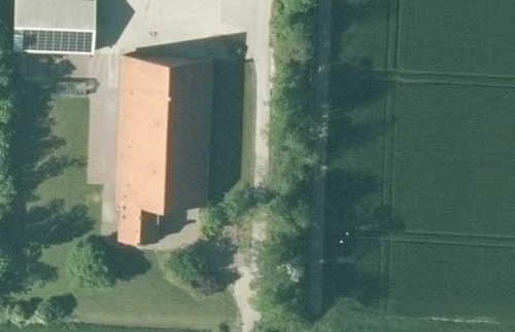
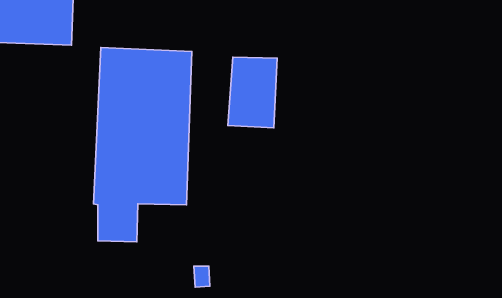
building: none -> [228,57,277,128]

